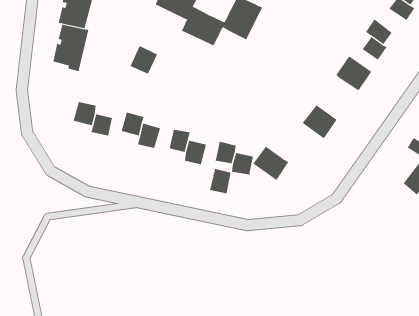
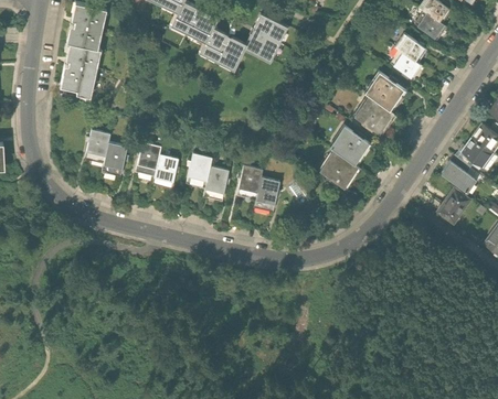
building: [130,45,158,74] -> none
building: none -> [357,103,396,139]
building: [252,146,289,181] -> [320,154,360,192]
building: [209,168,231,194] -> none

